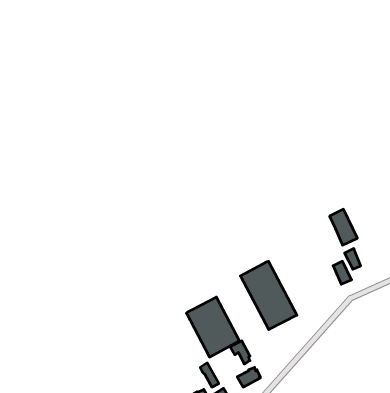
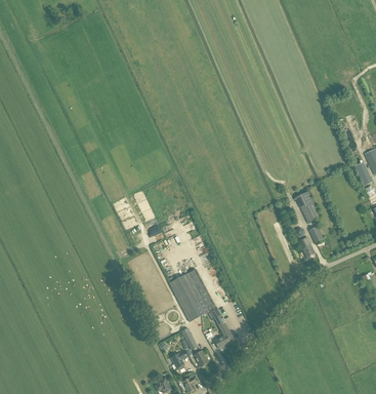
building: [240,261,297,330] -> none

